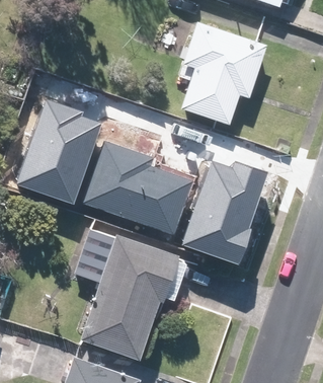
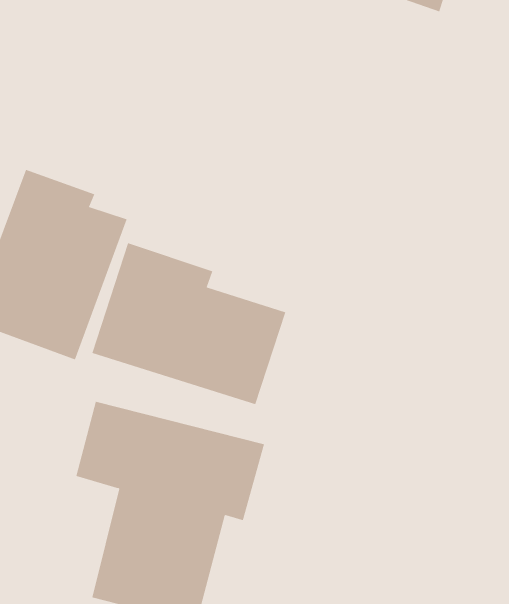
building: [176,21,266,123] -> none
building: [183,162,268,266] -> none

